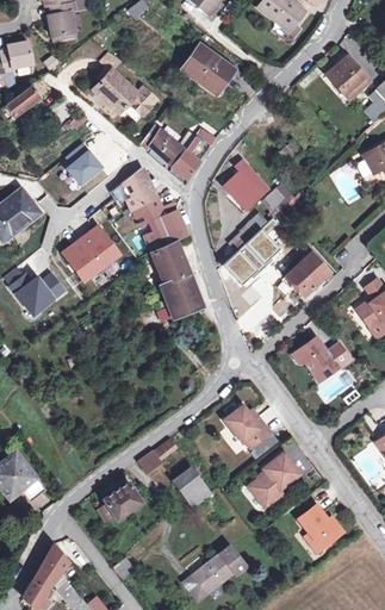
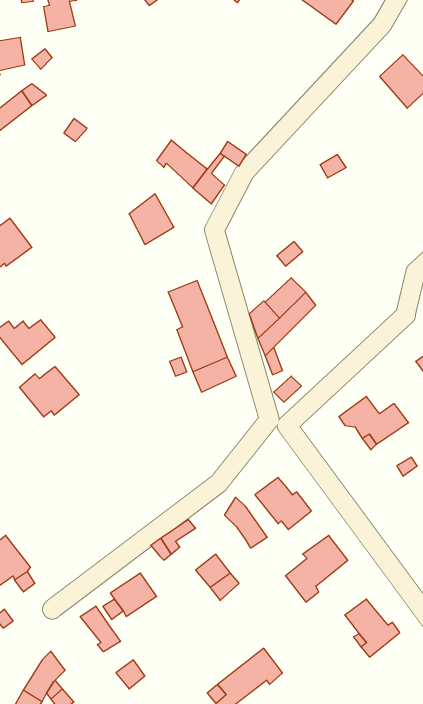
building: [184,45,235,91] -> none
building: [92,67,153,110] -> none
building: [63,142,98,182] -> none
building: [224,160,262,210] -> none
building: [133,198,191,251] -> none
building: [62,224,118,279] -> none
building: [287,254,327,294] -> none
building: none -> [19,367,79,417]
building: none -> [225,497,267,548]
building: none -> [80,606,120,652]

